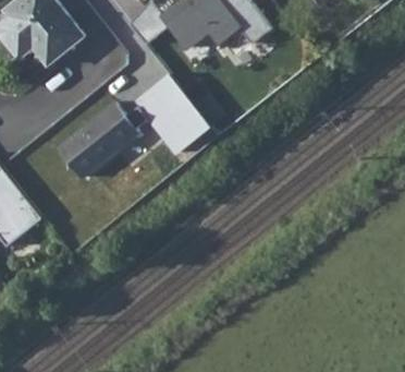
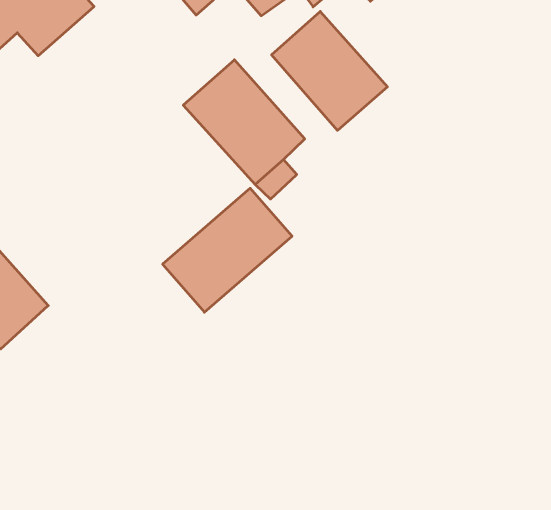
building: none -> [272,11,387,130]
building: [60,103,142,178] -> [163,188,292,312]

